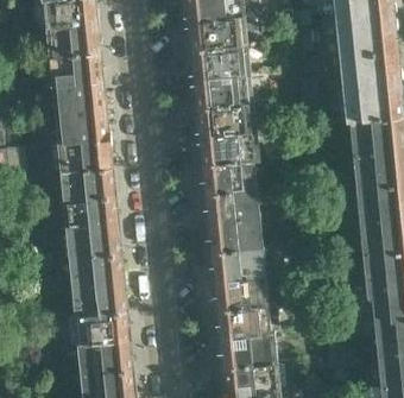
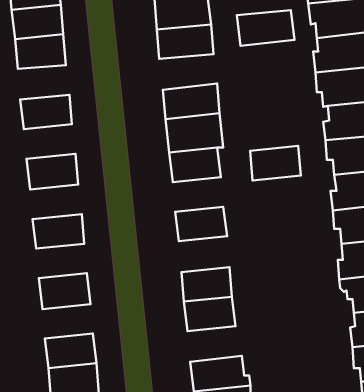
building: [191,69,247,103] -> [237,10,295,46]
building: [55,80,105,113] -> none
building: [61,137,111,170] -> none
building: [204,188,253,221] -> [250,146,301,180]
building: [67,195,116,228] -> none
building: [210,245,259,279] -> none
building: [72,252,121,285] -> none
building: [78,310,127,343] -> none
building: [219,330,273,366] -> none

